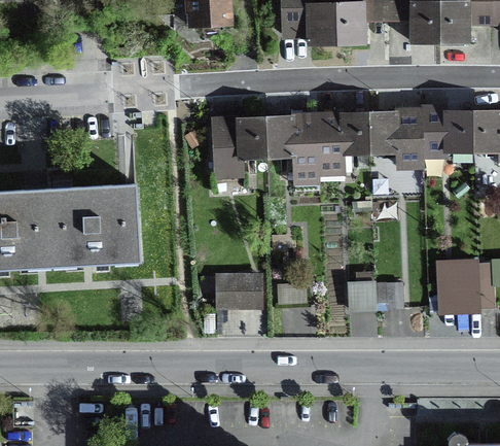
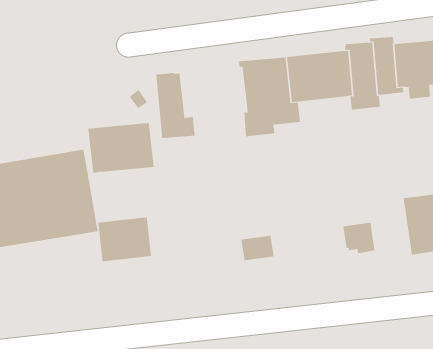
building: [236,117,295,162] -> [88,123,154,173]
building: [214,272,262,310] -> [97,217,152,262]
building: [347,281,376,313] -> none

